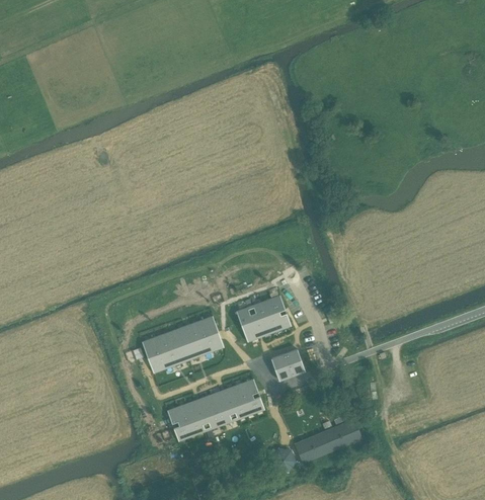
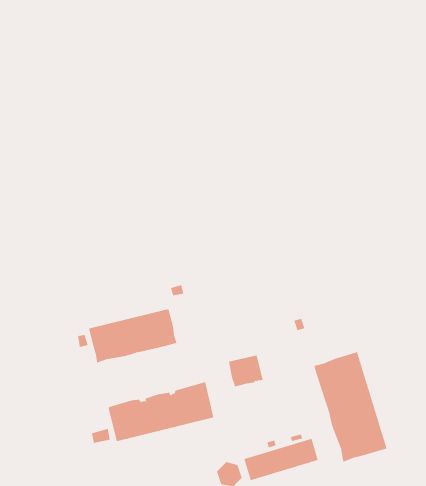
building: [236,291,292,341] -> none
building: none -> [313,351,388,463]

